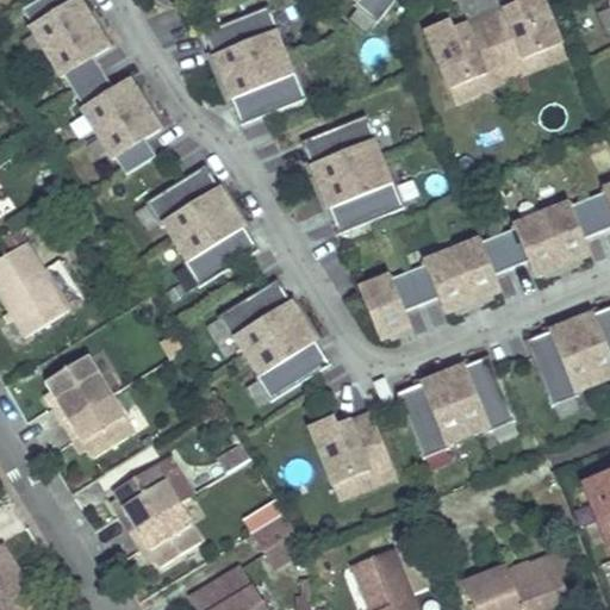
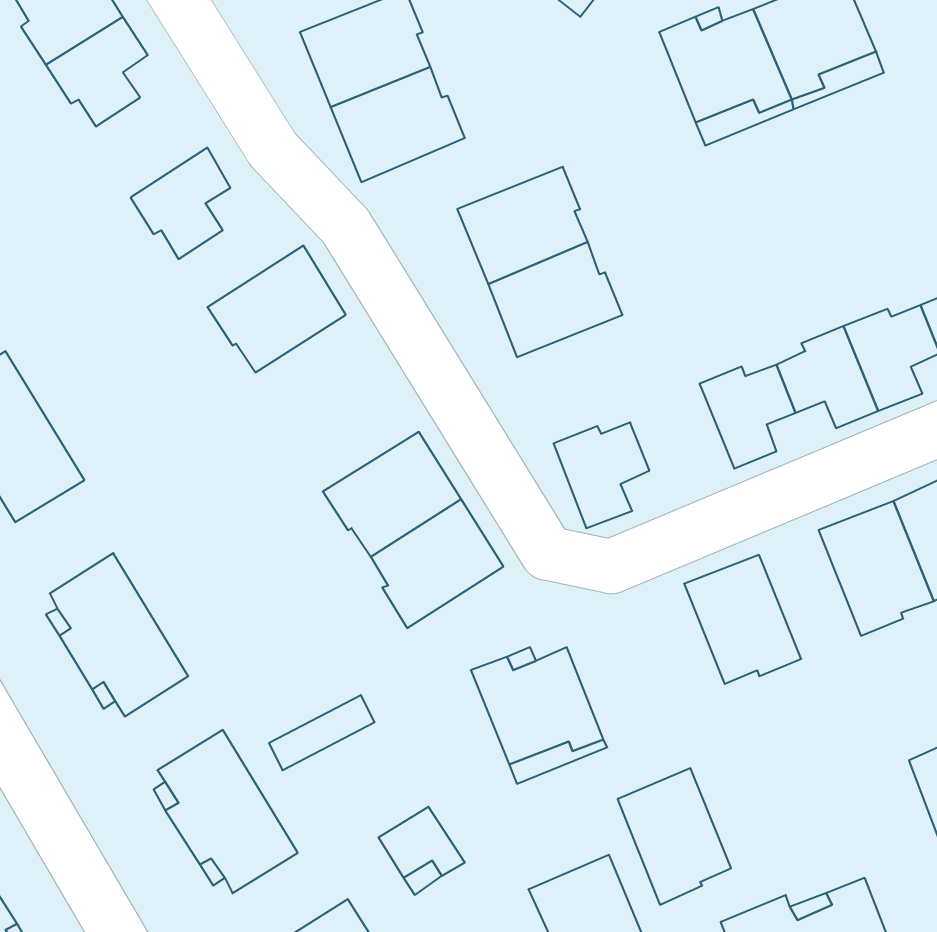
building: [76,70,145,132] -> none
building: [175,205,257,285] -> none
building: [407,248,472,311] -> none
building: [396,372,466,456] -> [618,768,731,905]

